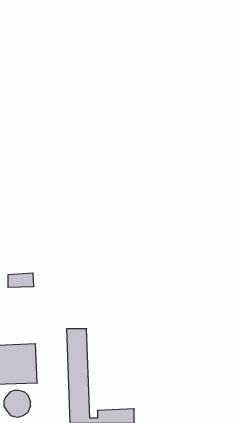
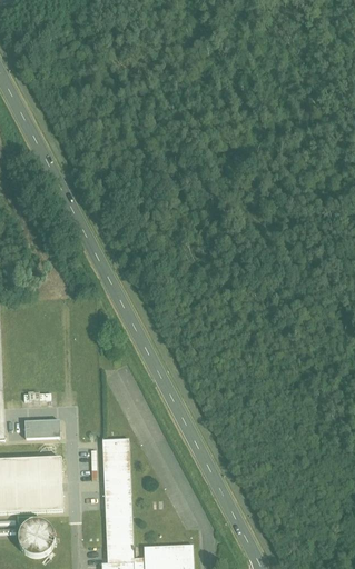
building: [8,273,34,287] -> [26,419,60,438]

